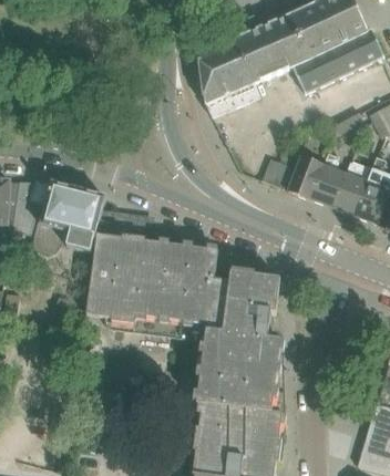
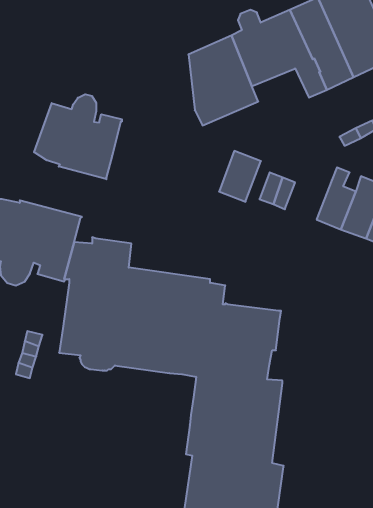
building: none -> [34,94,122,179]
building: [287,155,324,199] -> [219,151,261,202]

